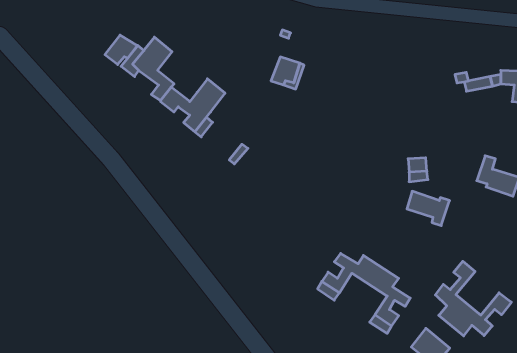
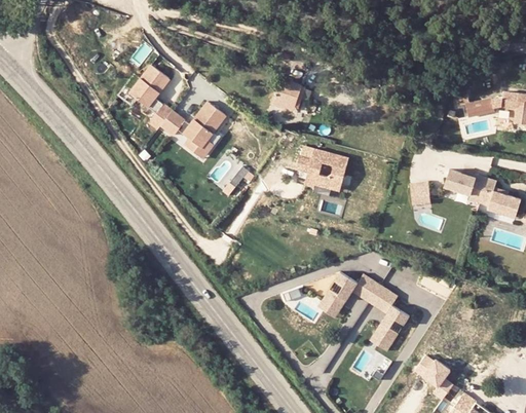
building: [105,35,137,65] -> none
building: none -> [296,148,349,189]
building: [407,191,450,226] -> [441,168,483,202]
building: [435,261,511,336] -> none

